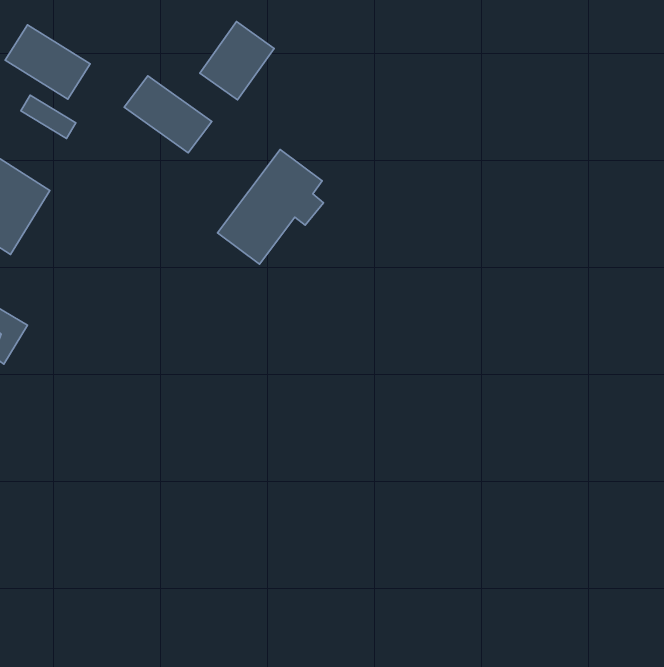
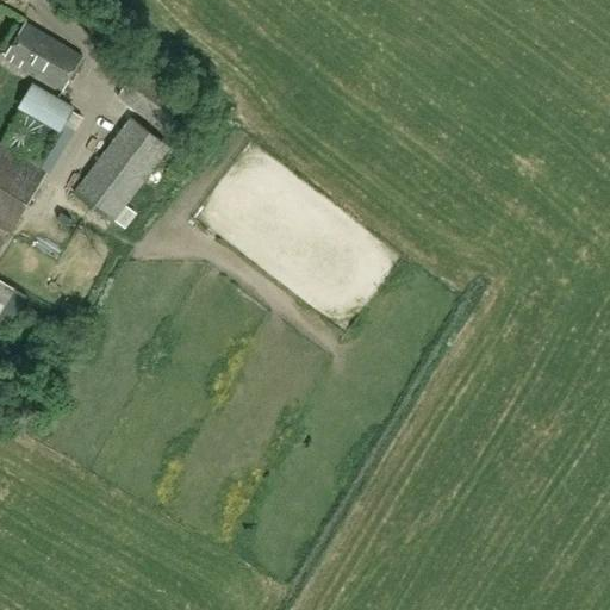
building: [200,22,274,100] -> none
building: [218,149,323,264] -> [70,118,167,223]

